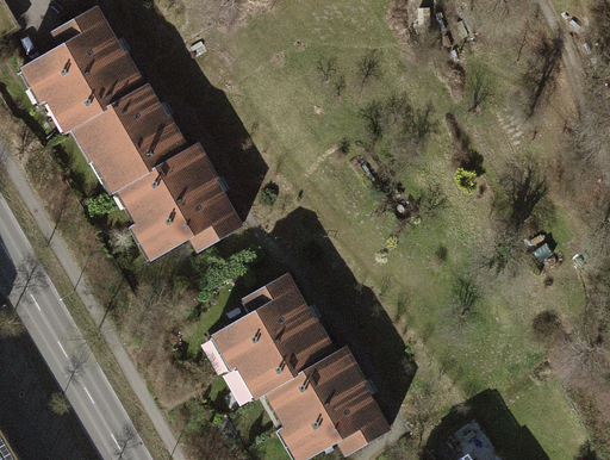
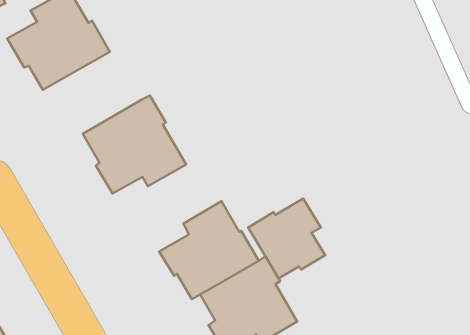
building: [67,82,188,191] -> none
building: none -> [248,199,325,278]

